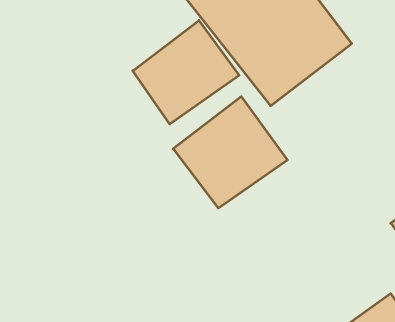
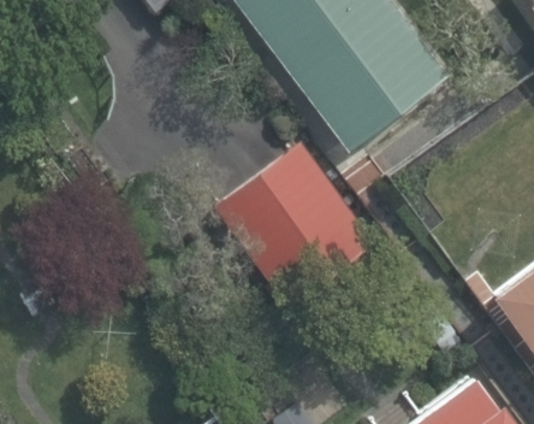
building: [133,20,239,124] -> none

